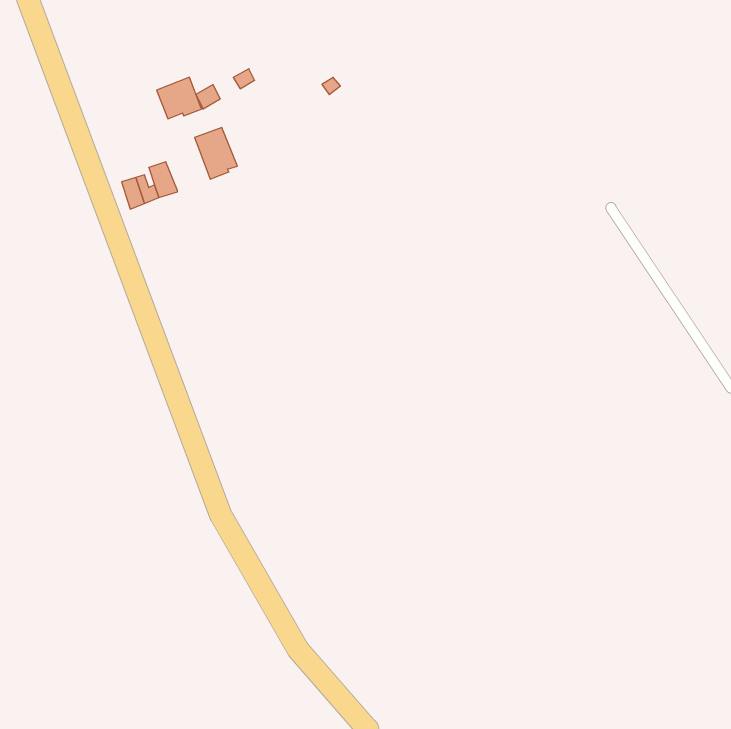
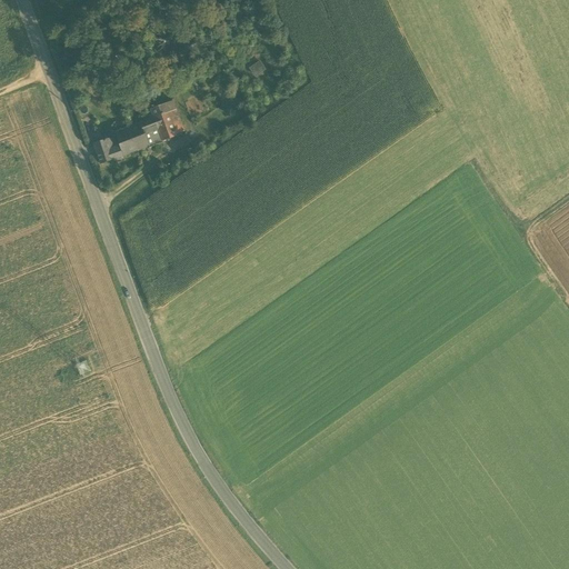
building: [157,77,202,119] -> [129,116,164,148]

